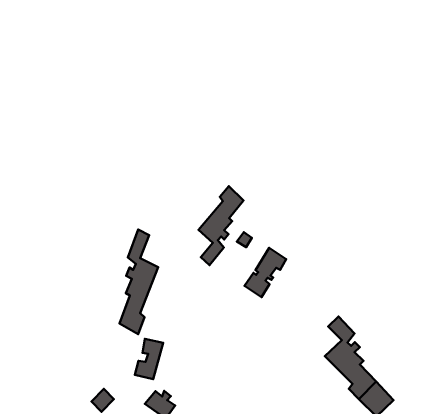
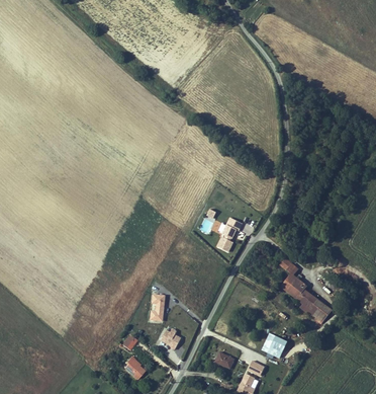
building: [198,186,243,265] -> none
building: [119,229,158,334] -> none

